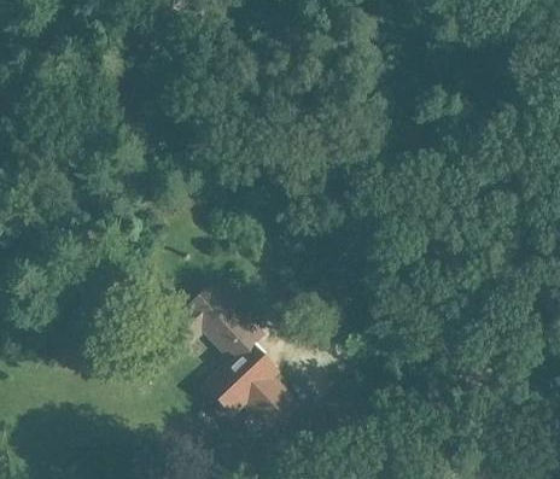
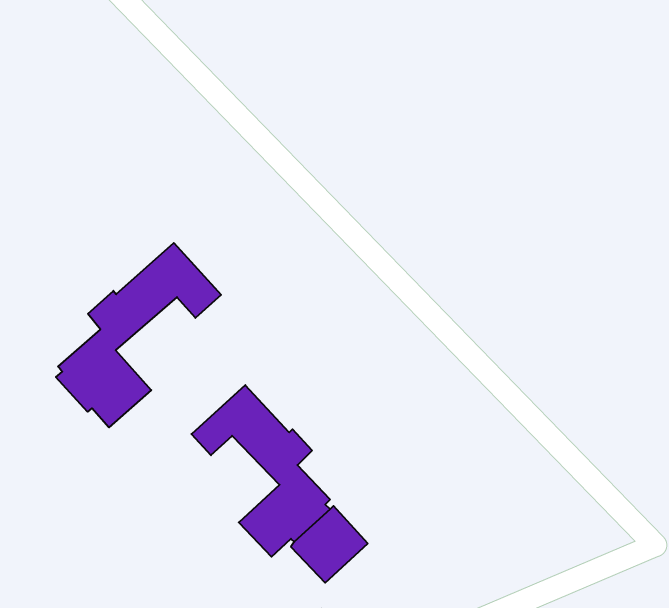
building: none -> [56,243,221,427]

